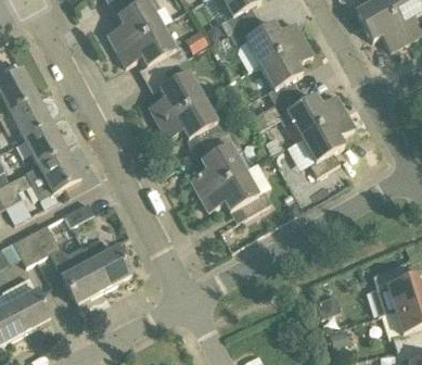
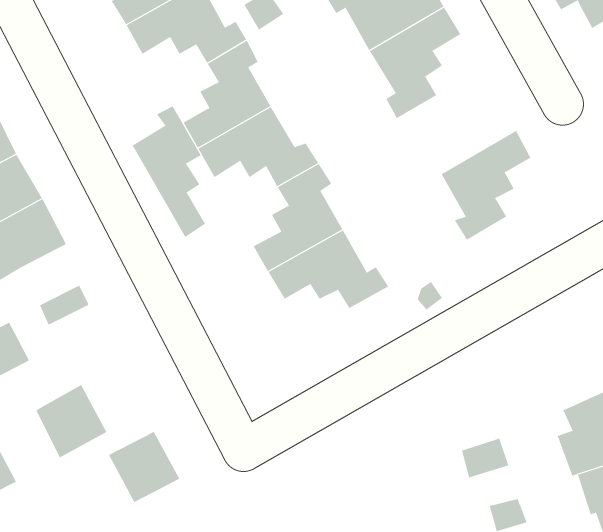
building: [250,89,345,136] -> none
building: none -> [132,106,206,238]
building: [89,246,131,288] -> [108,431,180,503]

